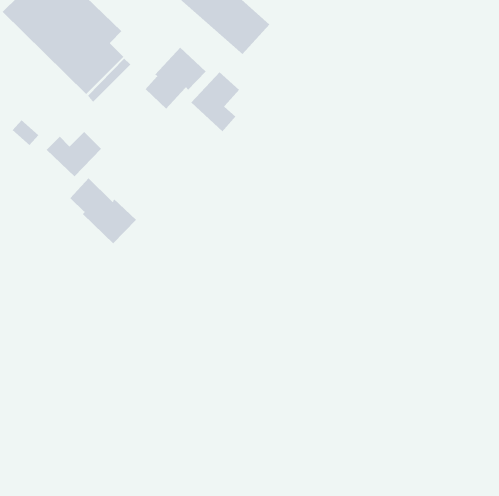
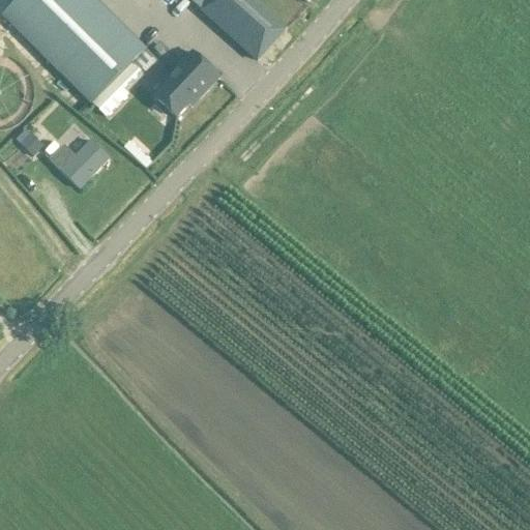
building: [191,72,240,132] -> none
building: [69,178,137,244] -> none

